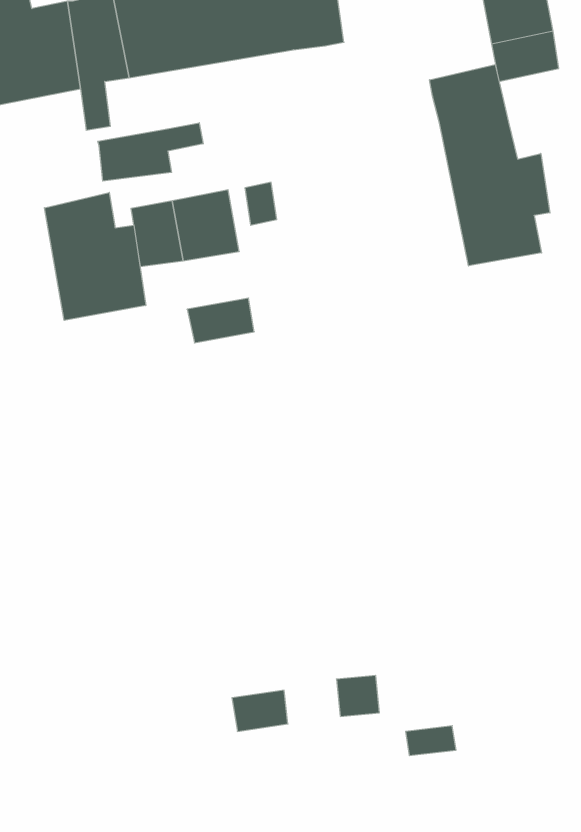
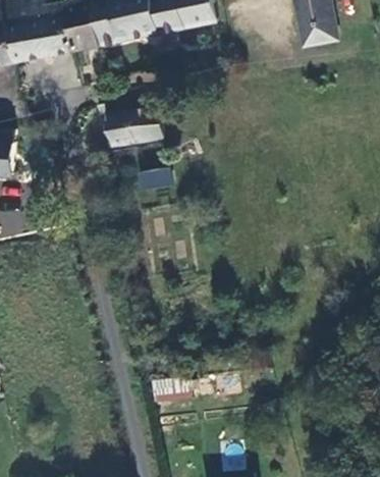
building: [430,65,550,266] -> none
building: [98,123,203,181] -> none
building: [44,192,146,320] -> none

